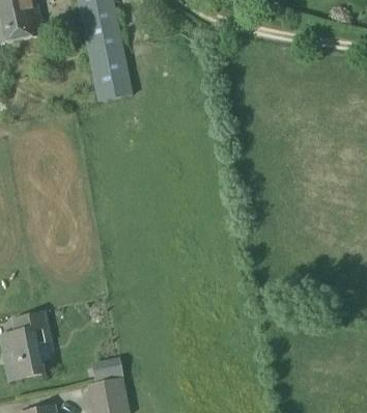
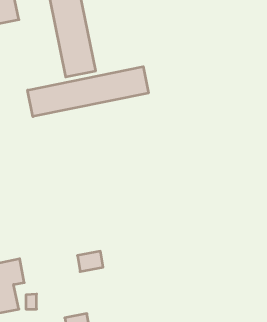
building: none -> [28,67,148,117]
building: [91,356,121,380] -> [77,251,103,272]

